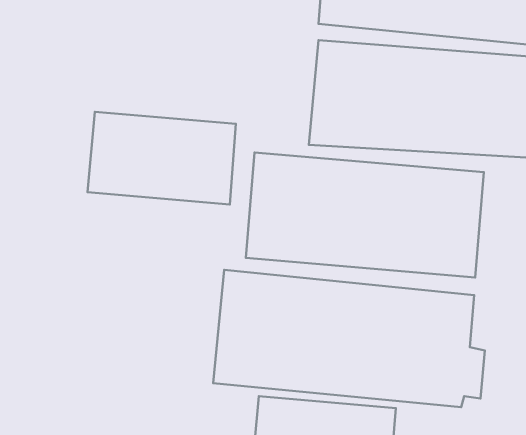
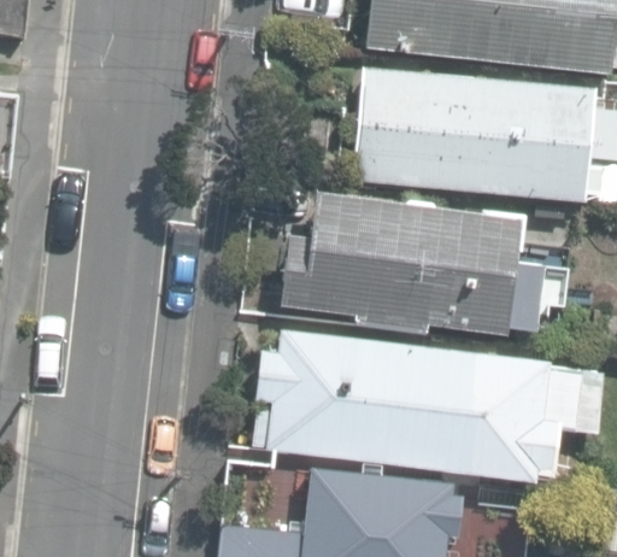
building: [88,112,236,204] -> none

